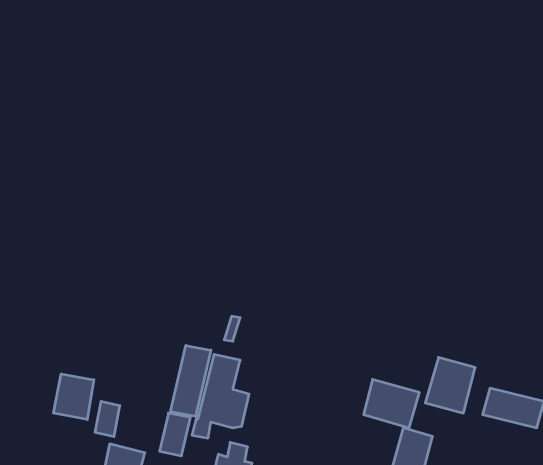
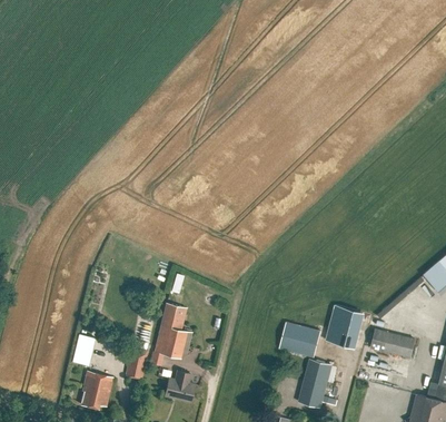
building: [171,345,211,417] -> none
building: [53,374,94,420] -> none

